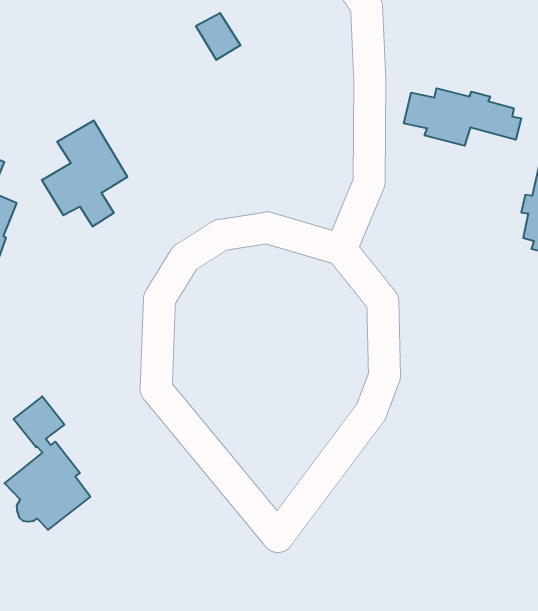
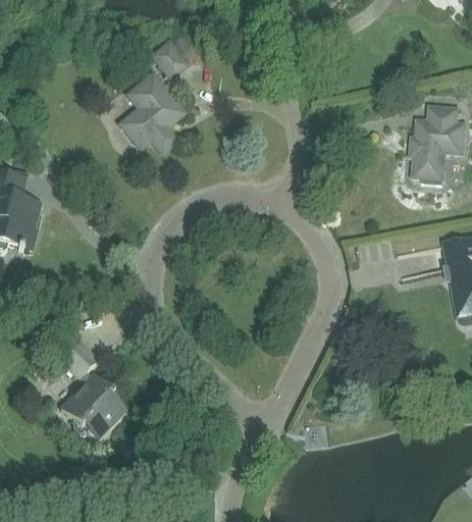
building: [404,88,521,146] -> none
building: [42,120,127,226] -> [121,74,183,152]

